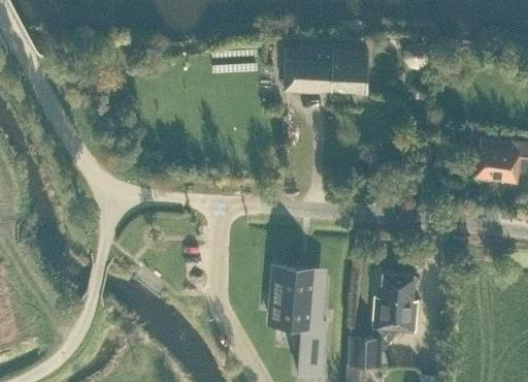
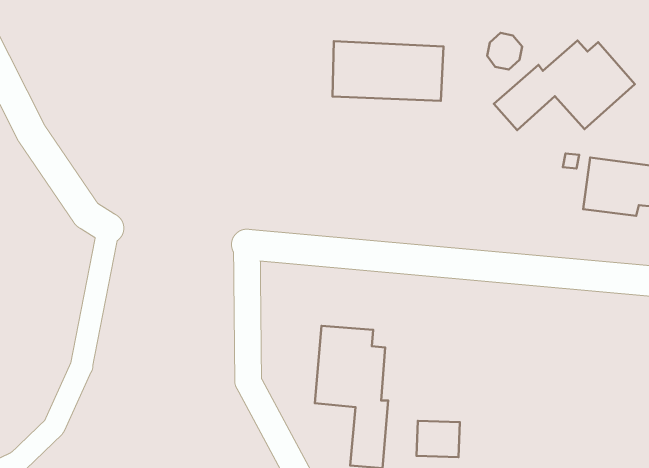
building: none -> [494,41,635,130]
building: [373,277,418,333] -> none

